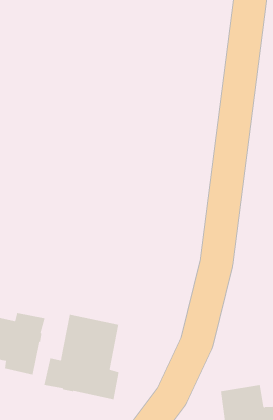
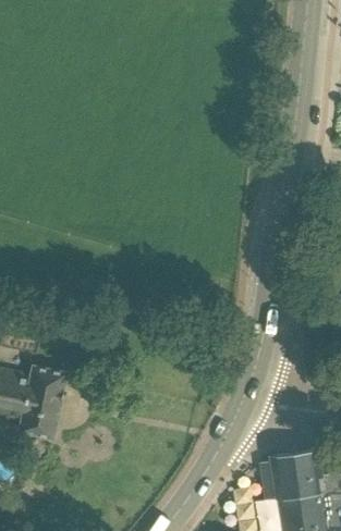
building: [44,314,119,400] -> none

